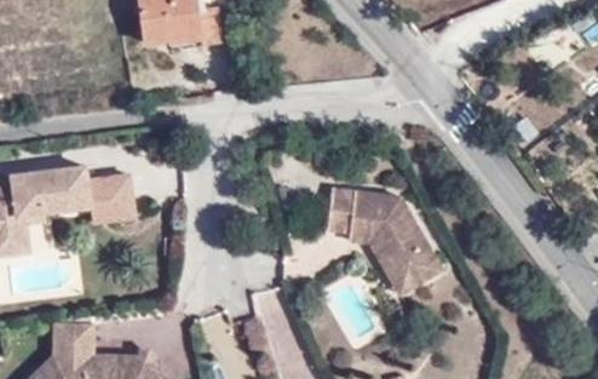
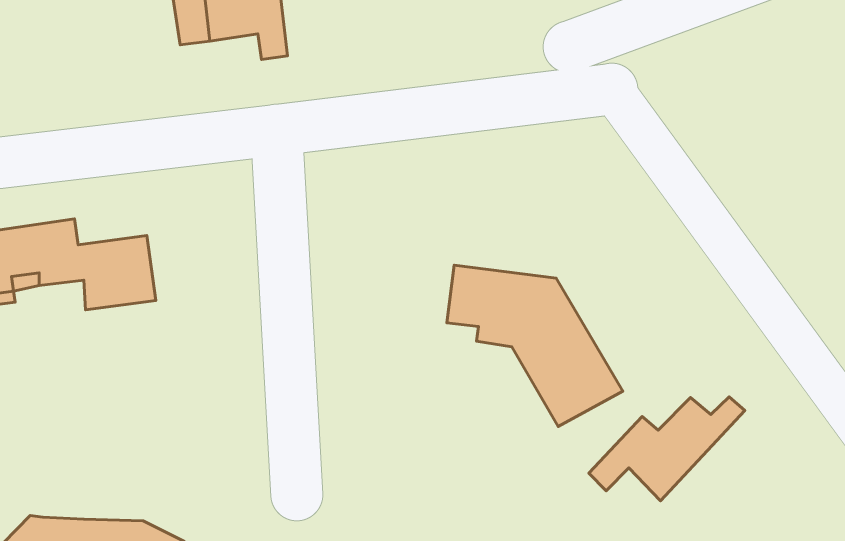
building: none -> [589,397,745,501]
building: [53,315,90,357] -> none

